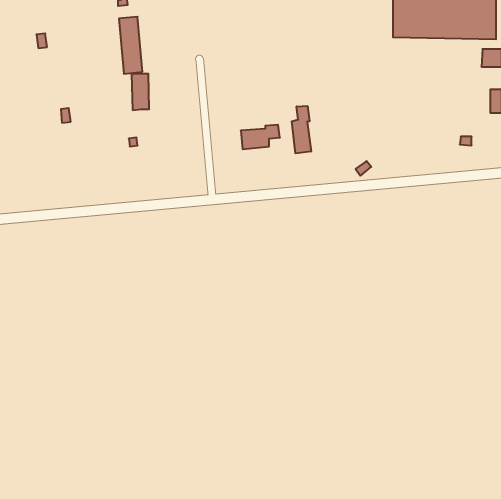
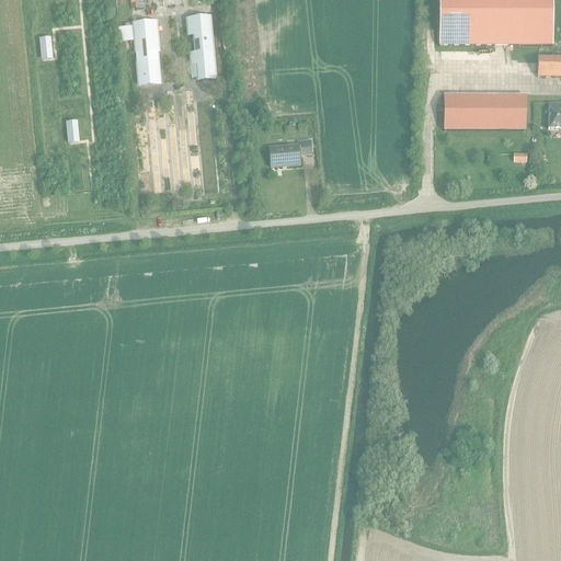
building: none -> [190,14,216,77]
building: none -> [443,92,526,124]
building: [292,106,311,153] -> none

